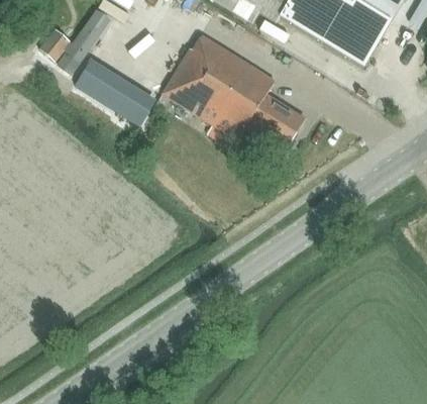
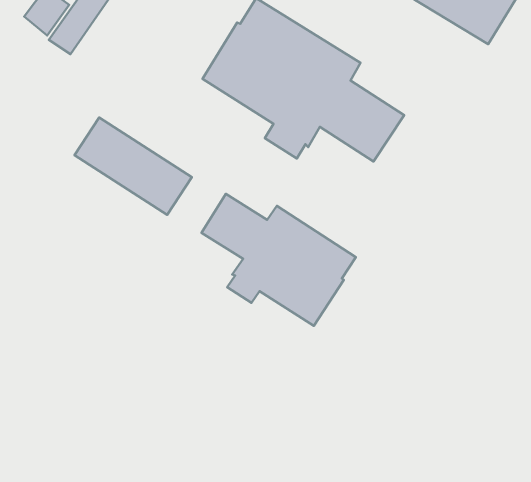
building: [75,57,156,124] -> [74,118,192,215]
building: none -> [202,194,356,326]

